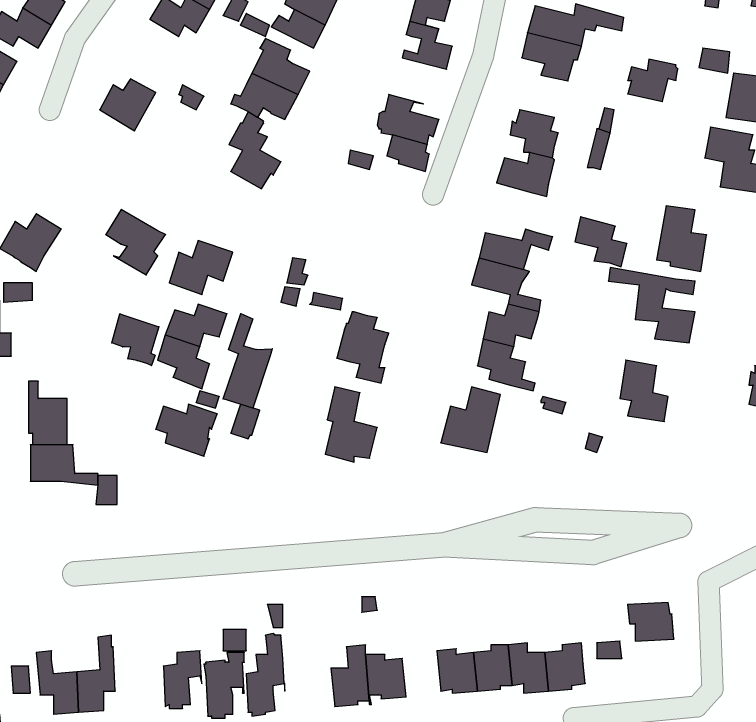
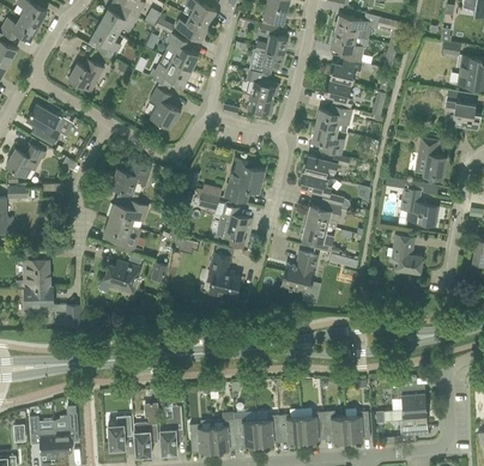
building: none -> [91,23,120,59]
building: none -> [246,44,284,75]
building: [628,59,678,102] -> [329,58,361,84]
building: [106,209,166,275] -> [26,104,63,145]
building: [575,217,627,267] -> [311,125,344,156]
building: none -> [223,158,265,202]
building: [223,314,272,408] -> none
building: [112,314,159,366] -> none
building: none -> [399,408,426,436]
building: none -> [256,416,280,444]
building: none -> [189,424,214,452]

